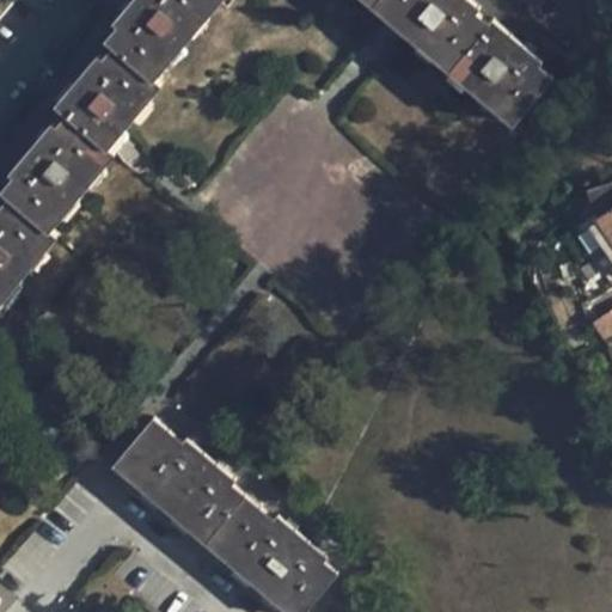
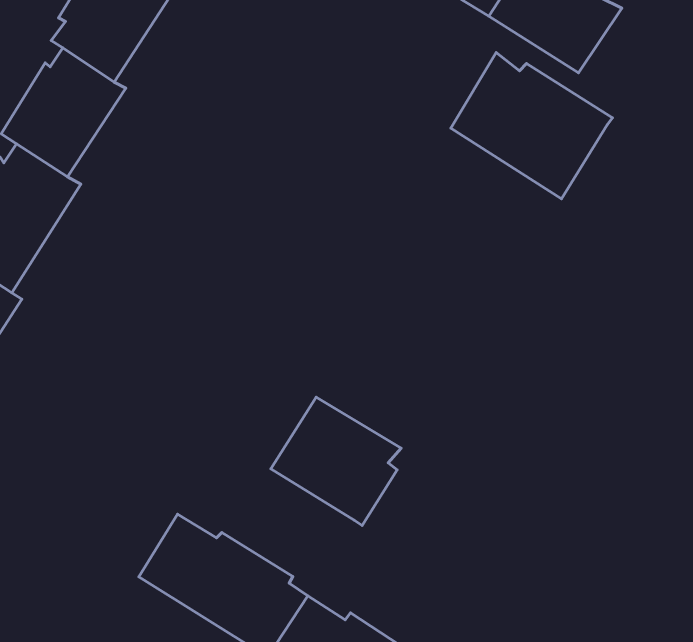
building: none -> [451,53,612,199]
building: none -> [271,397,401,526]

